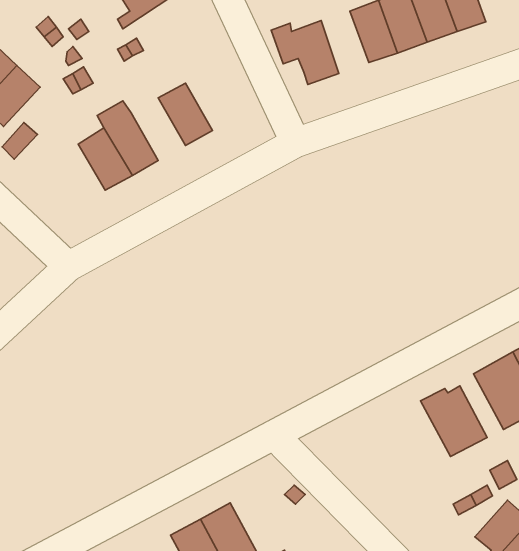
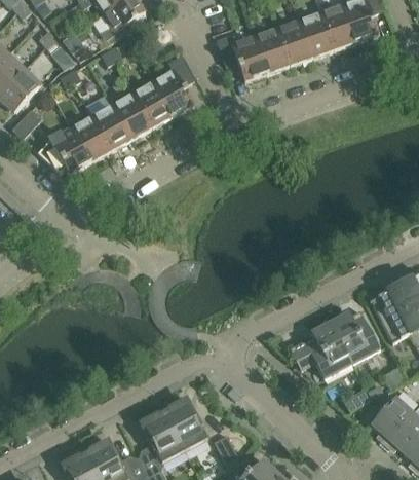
building: none -> [255,26,291,73]
building: none -> [152,56,194,116]
building: none -> [111,91,152,139]
building: none -> [38,126,91,174]
building: none -> [290,321,352,378]

